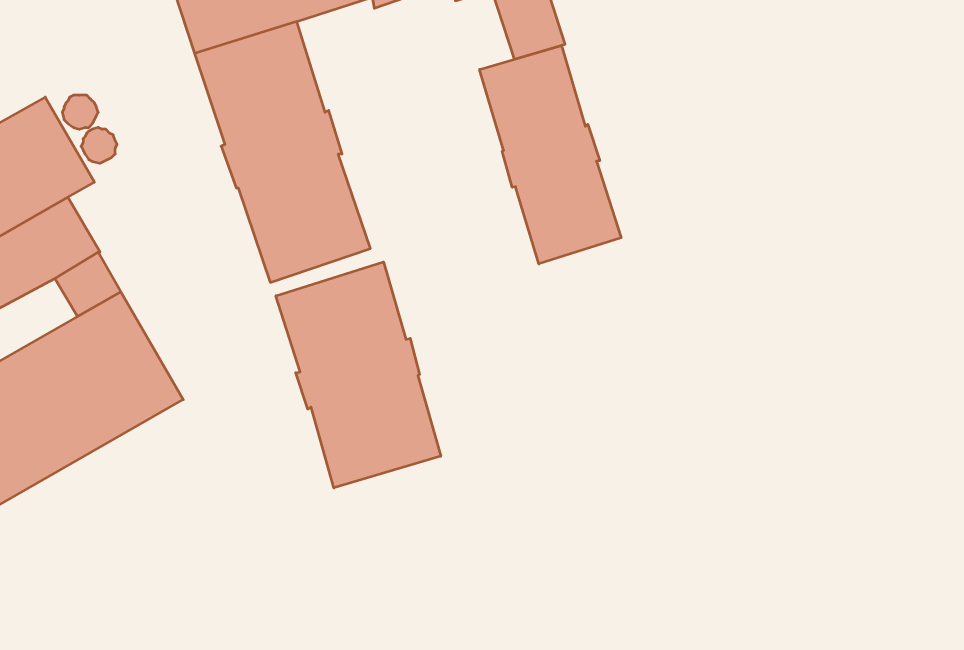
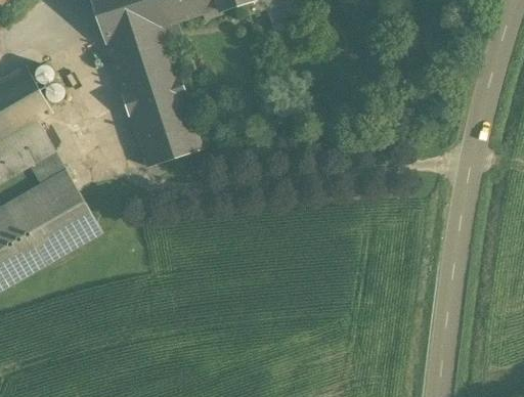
building: [480,45,621,264] -> none
building: [276,262,441,488] -> none

